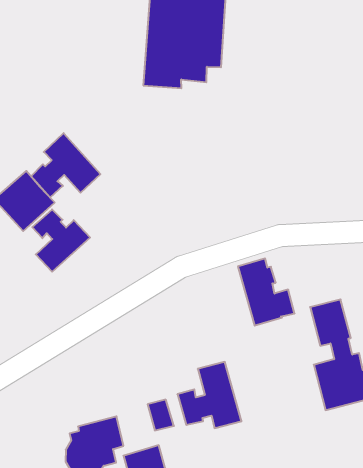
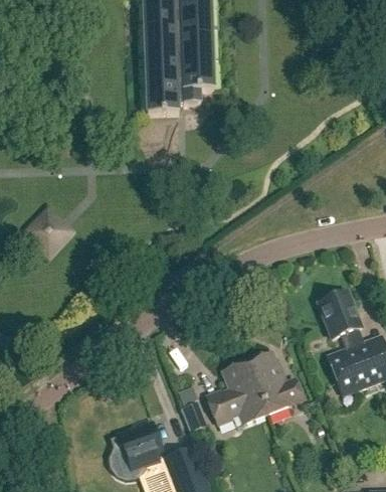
building: [31,133,100,198] -> none
building: [32,209,90,272] -> none
building: [238,258,295,326] -> [247,350,304,413]

